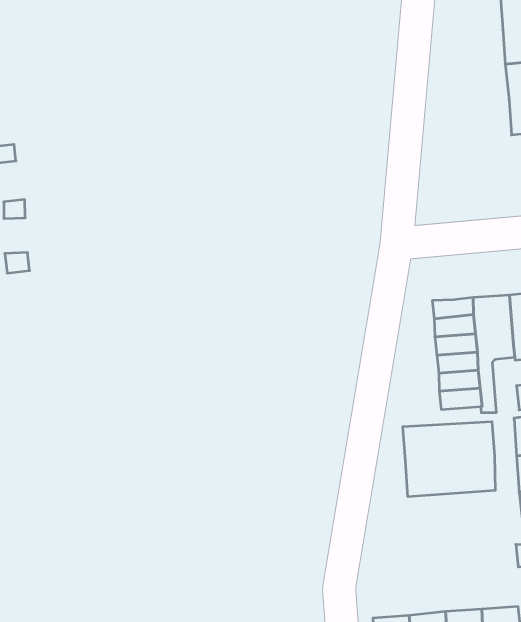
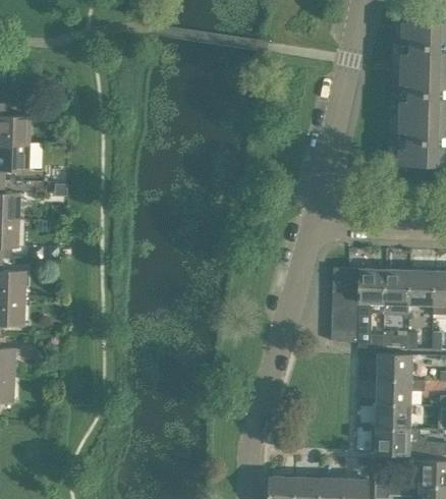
building: [403,422,495,497] -> none

